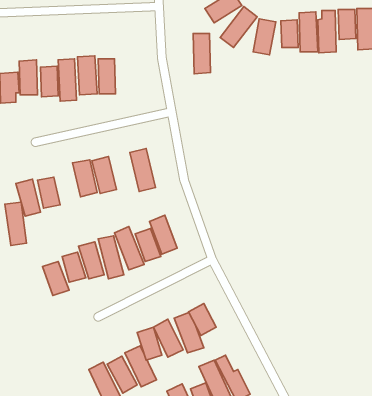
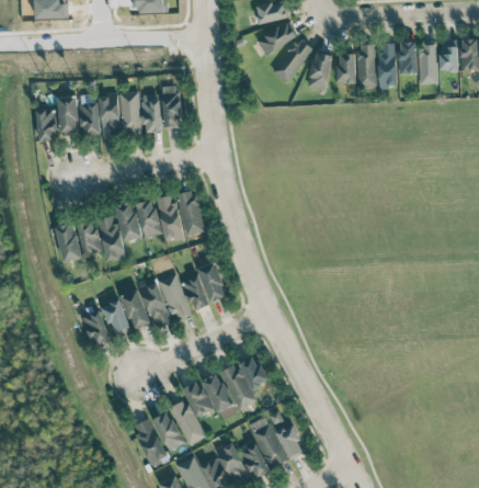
building: [193,34,210,74] -> [162,86,181,128]
building: none -> [157,194,183,241]
building: [5,202,26,245] -> [100,215,123,261]

